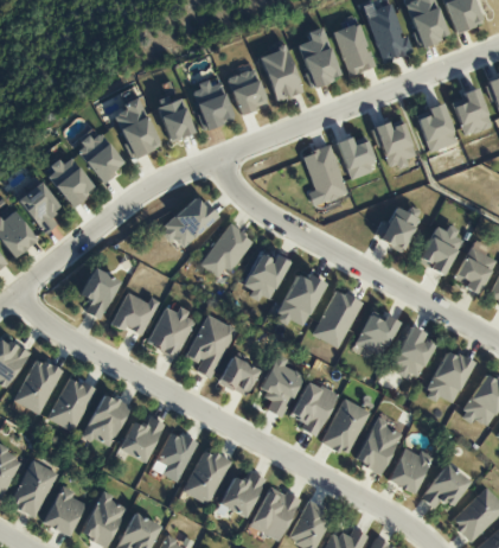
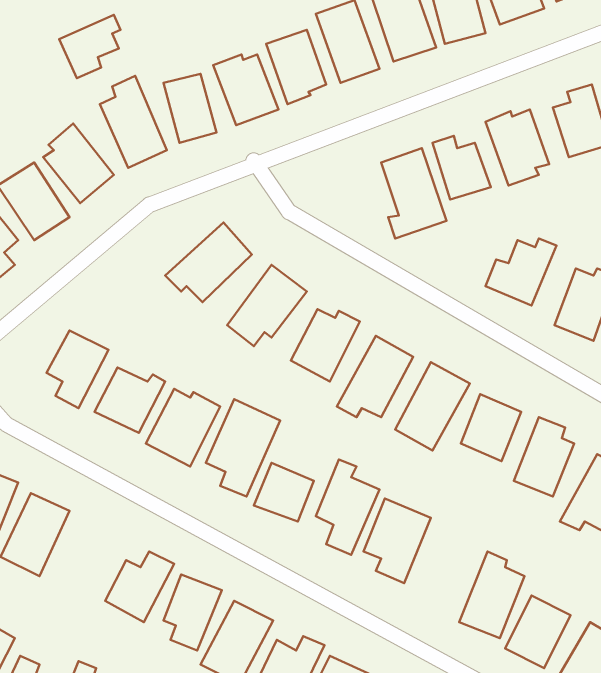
building: none -> [59,15,120,78]
building: [83,393,130,447] -> none
building: [321,397,370,455] -> none

